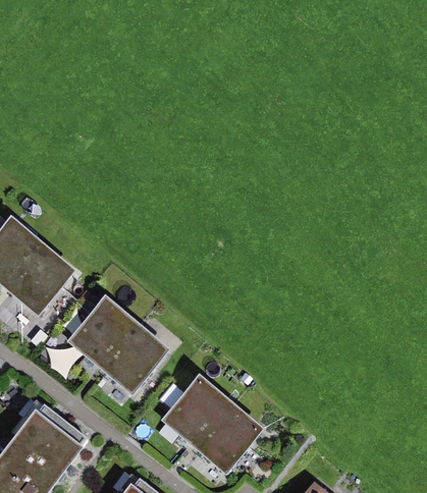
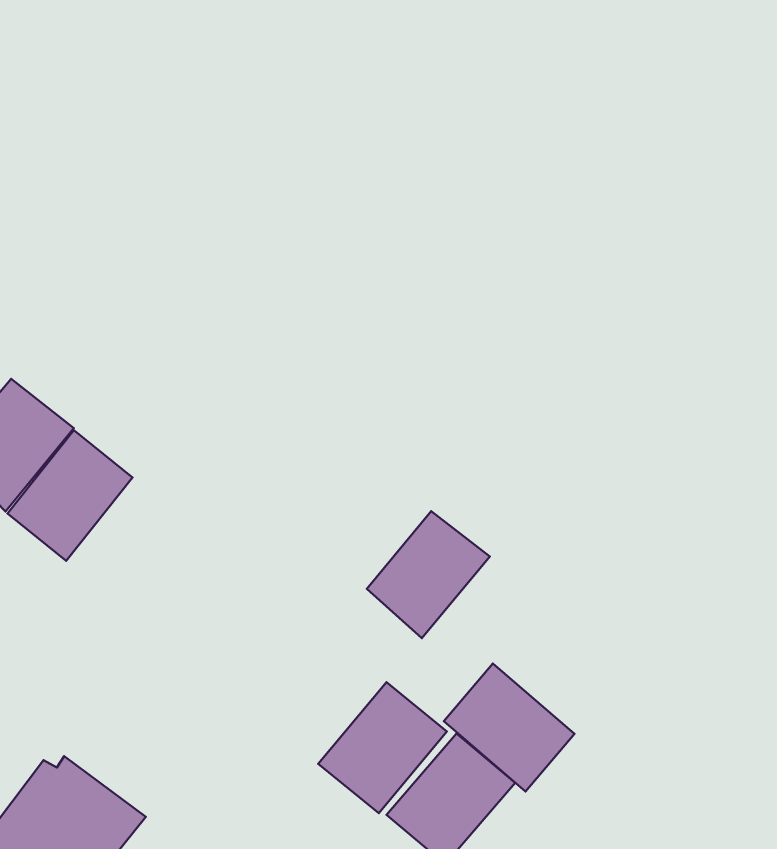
building: [64,298,131,368] -> none
building: [99,330,165,398] -> [367,511,490,638]
building: none -> [444,663,575,792]

